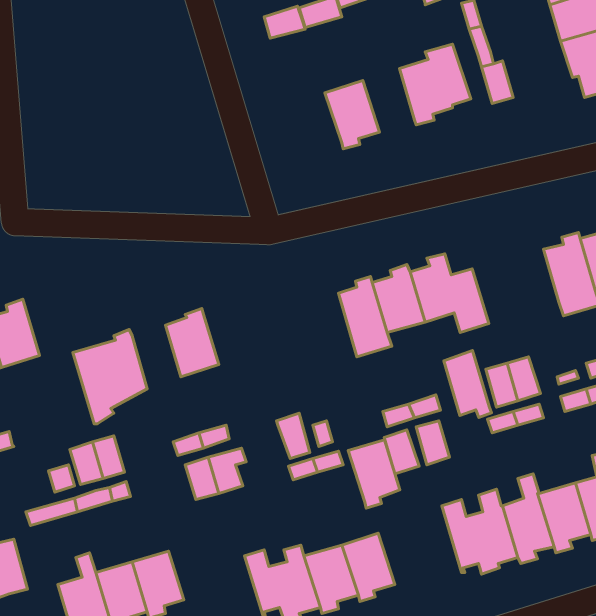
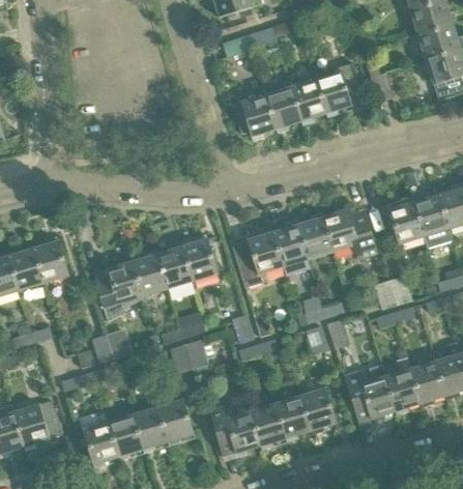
building: none -> [291,78,326,124]
building: none -> [232,94,277,141]
building: none -> [387,197,425,244]
building: none -> [232,227,283,286]
building: none -> [182,233,218,280]
building: none -> [134,249,167,296]
building: [444,351,492,418] -> none
building: [348,440,400,508] -> [301,387,337,434]
building: none -> [158,399,195,445]

